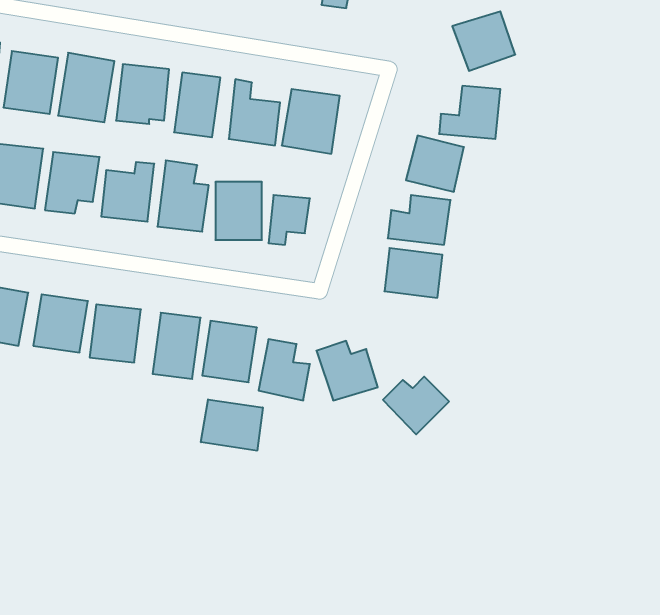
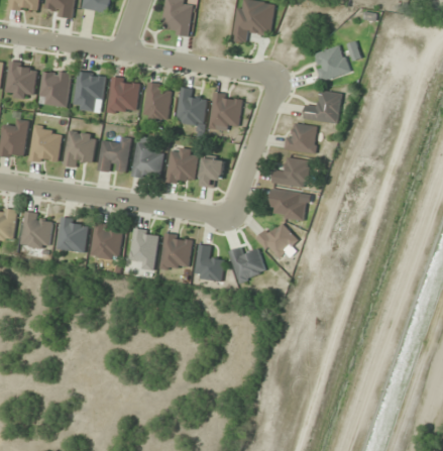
building: [383,377,449,434] -> [257,224,298,259]
building: [201,399,263,451] -> none

